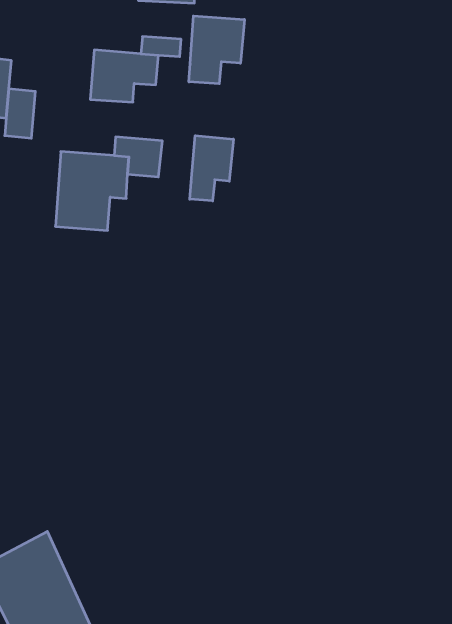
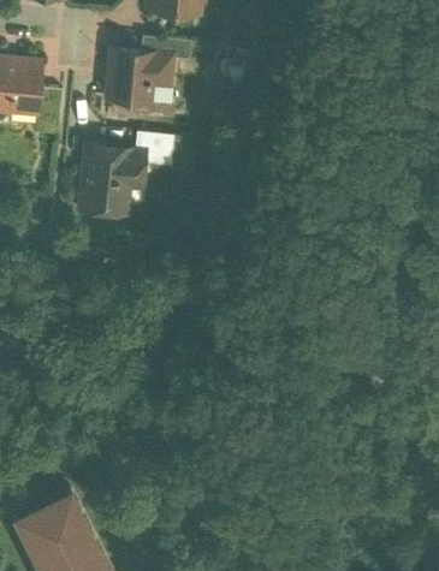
building: [189,16,244,84] -> none
building: [190,136,233,201] -> none

